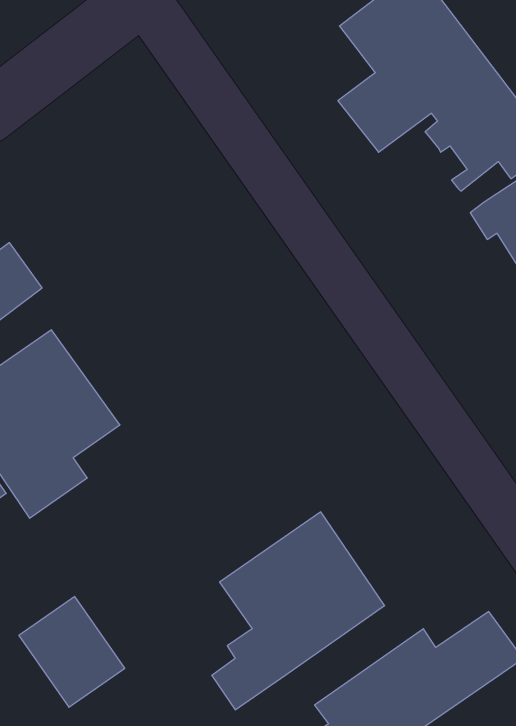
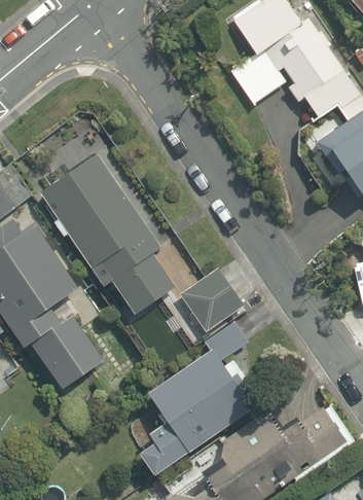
building: none -> [42,152,173,310]
building: none -> [182,267,247,332]
building: [19,597,125,707] -> [33,318,103,391]

